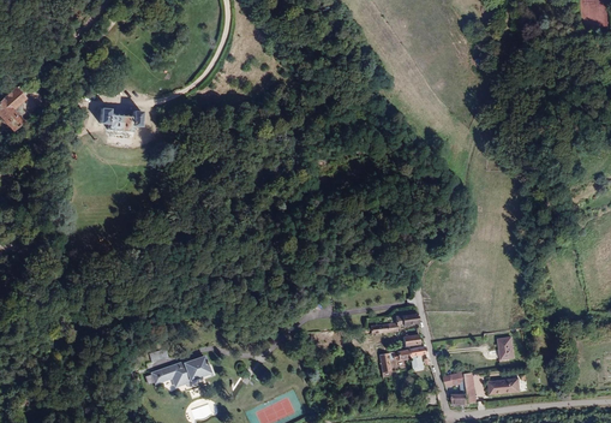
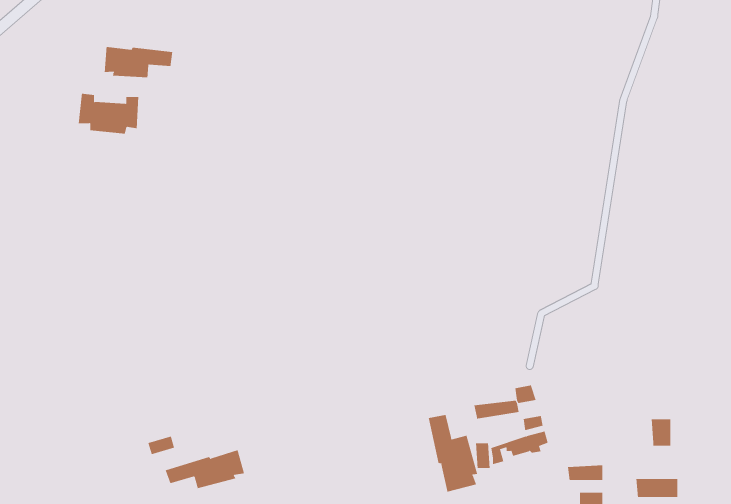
building: none -> [104,46,173,78]
building: none -> [428,414,478,493]

